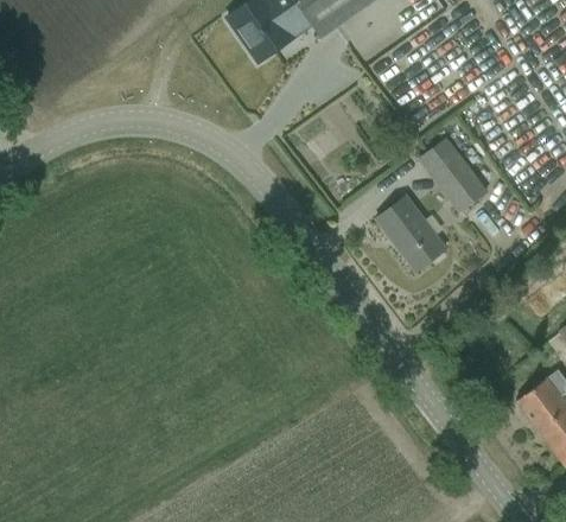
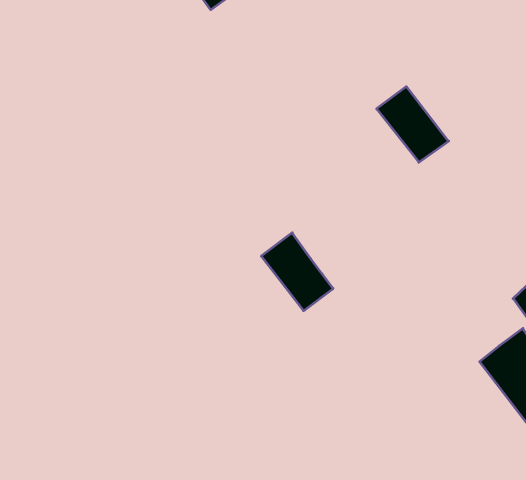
building: [376,196,445,270] -> [261,233,333,311]

